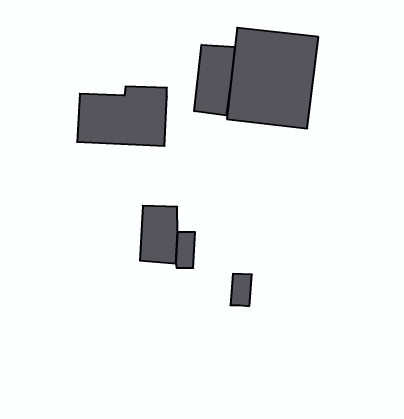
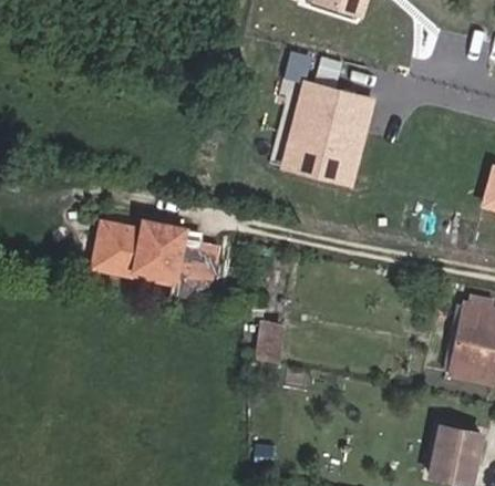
building: [194,45,235,115] -> none
building: [77,87,167,146] -> [85,223,182,287]

